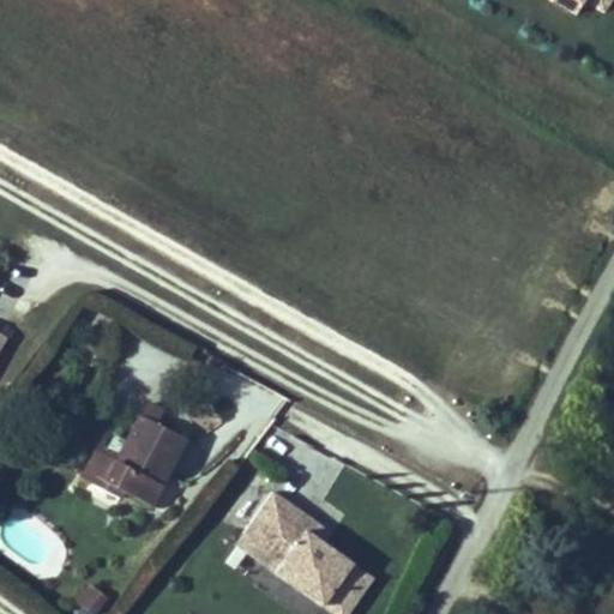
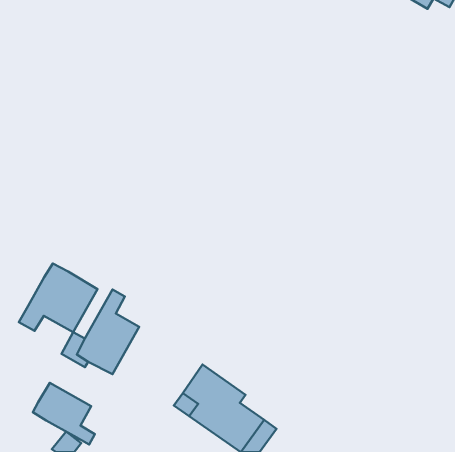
building: none -> [19,264,97,332]
building: none -> [33,383,95,445]

